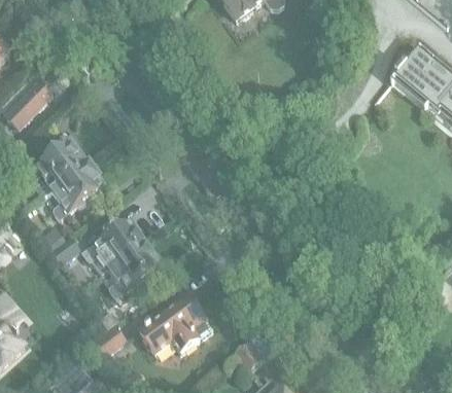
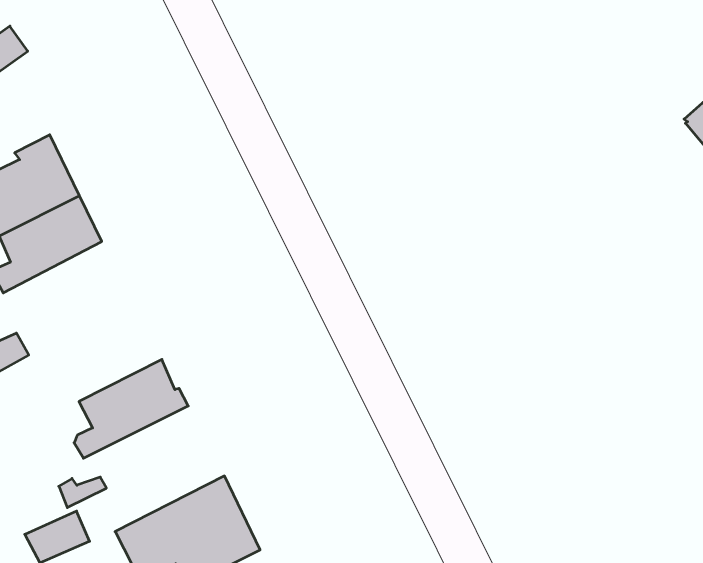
building: [80,216,145,272] -> none

